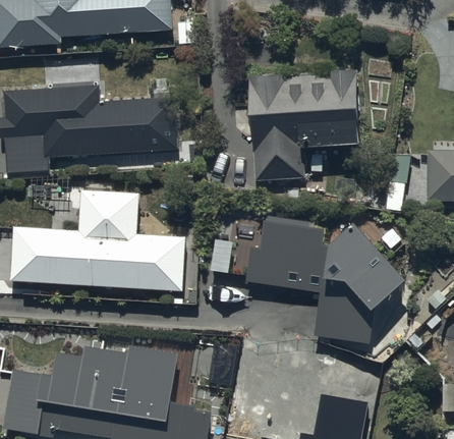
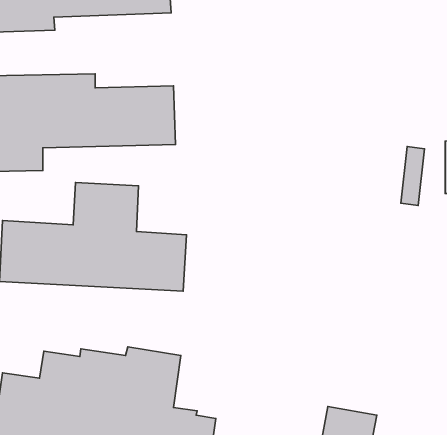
building: [250,72,361,180] -> none
building: [245,215,407,346] -> none

